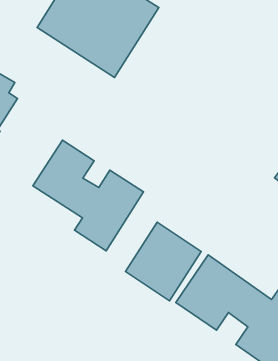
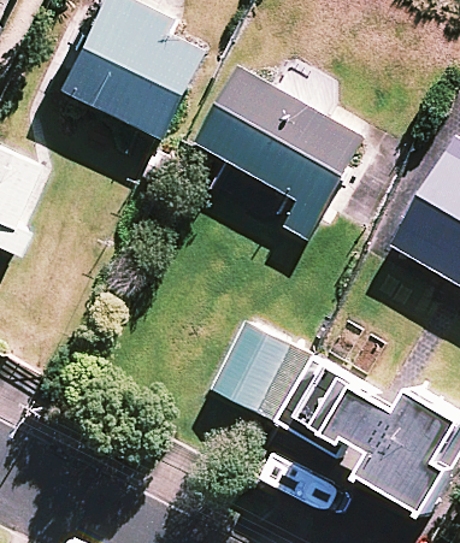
building: none -> [197,70,364,241]
building: [33,140,144,251] -> none

